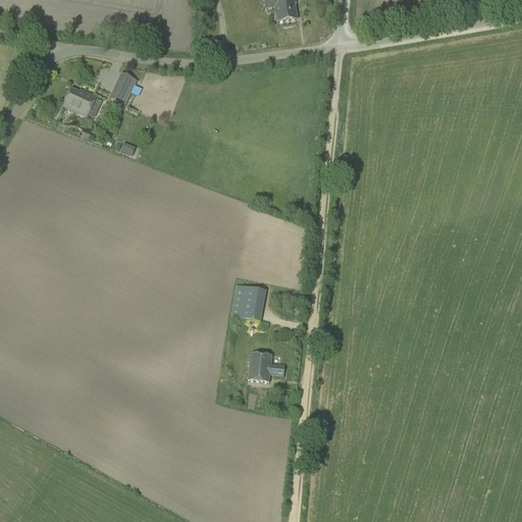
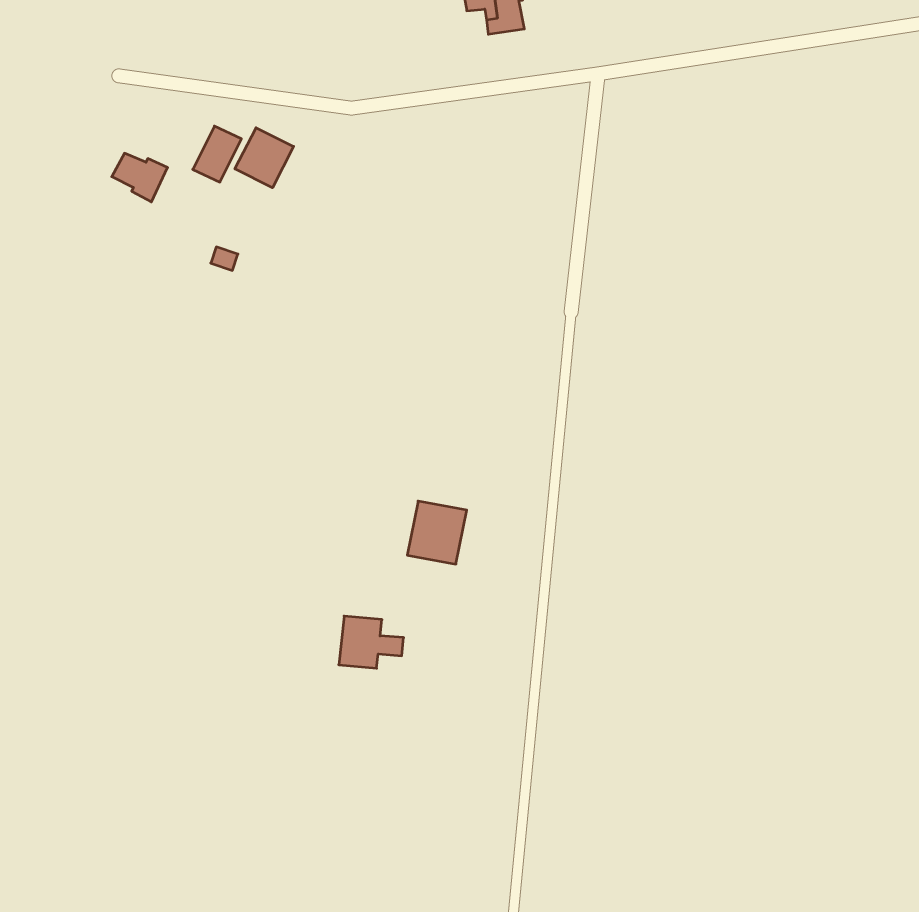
building: none -> [235,128,294,188]
building: [248,351,284,380] -> [339,616,404,668]

